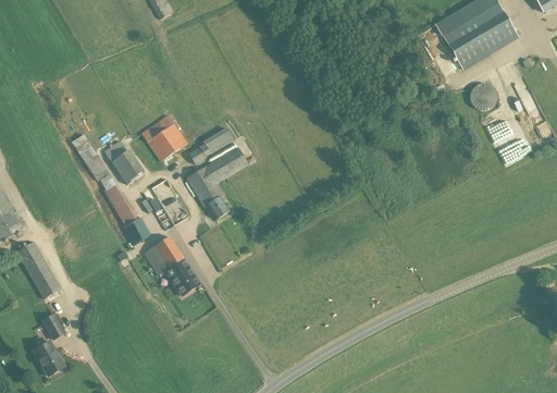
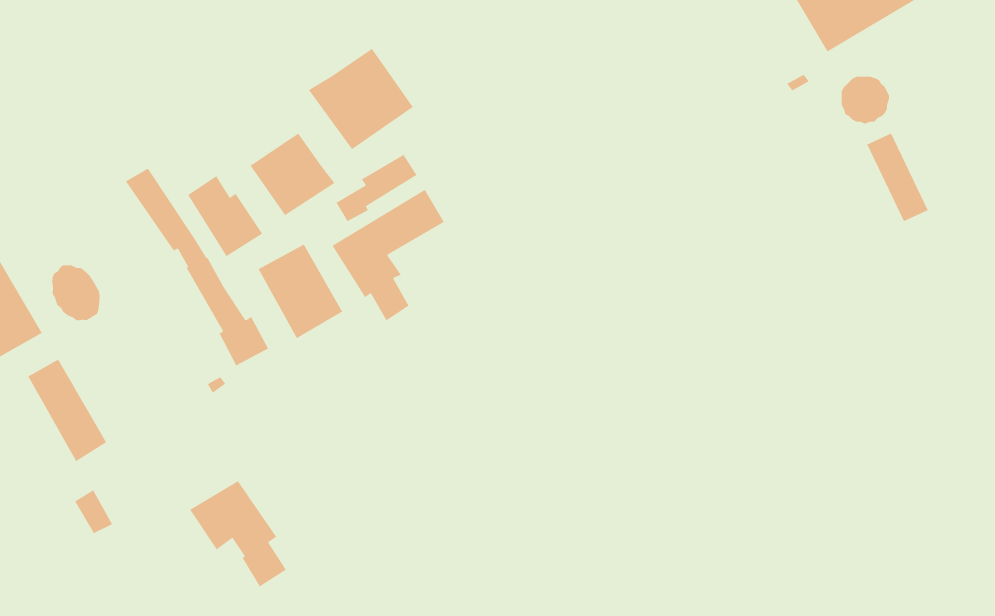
building: none -> [308,48,414,150]
building: none -> [51,264,101,321]
building: [141,235,196,295] -> [189,480,287,587]
building: [33,340,63,374] -> none

